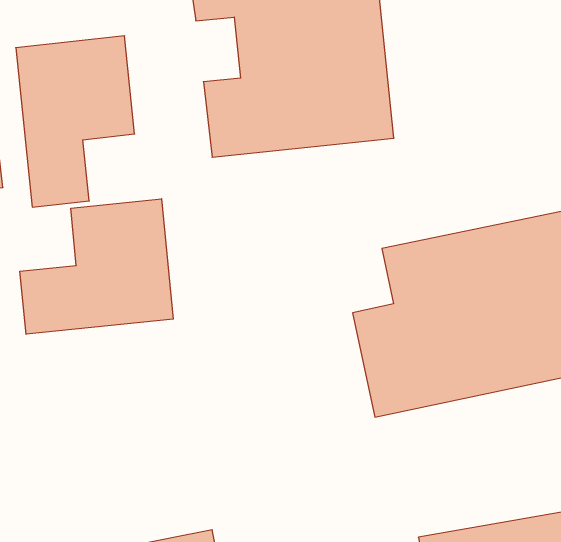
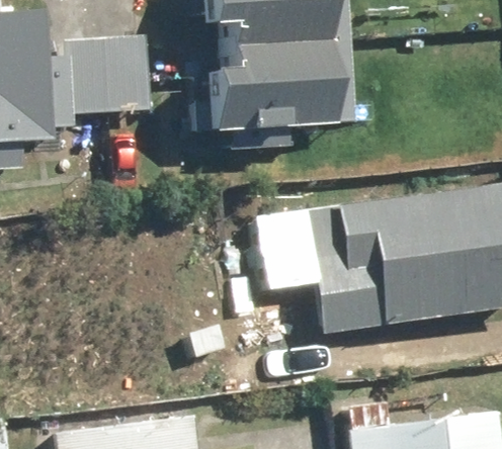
building: [20,199,173,334] -> none

